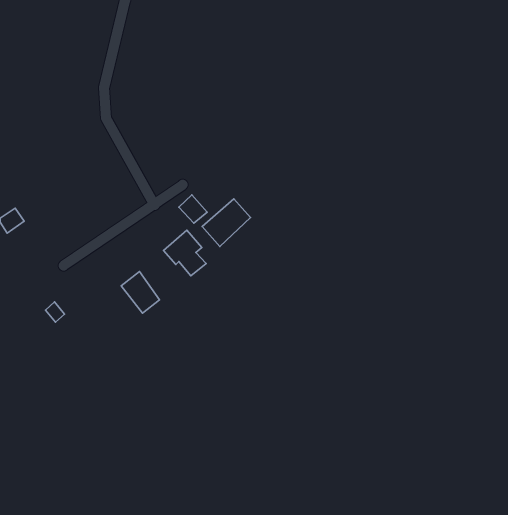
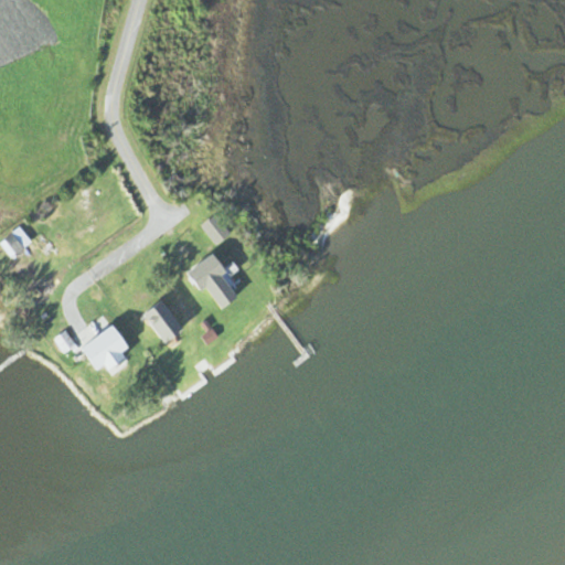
building: [202,199,251,246] -> none
building: none -> [79,326,130,373]

